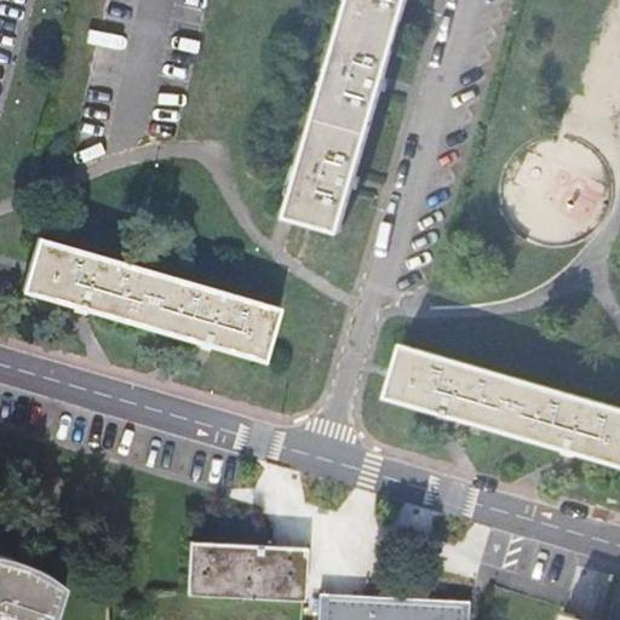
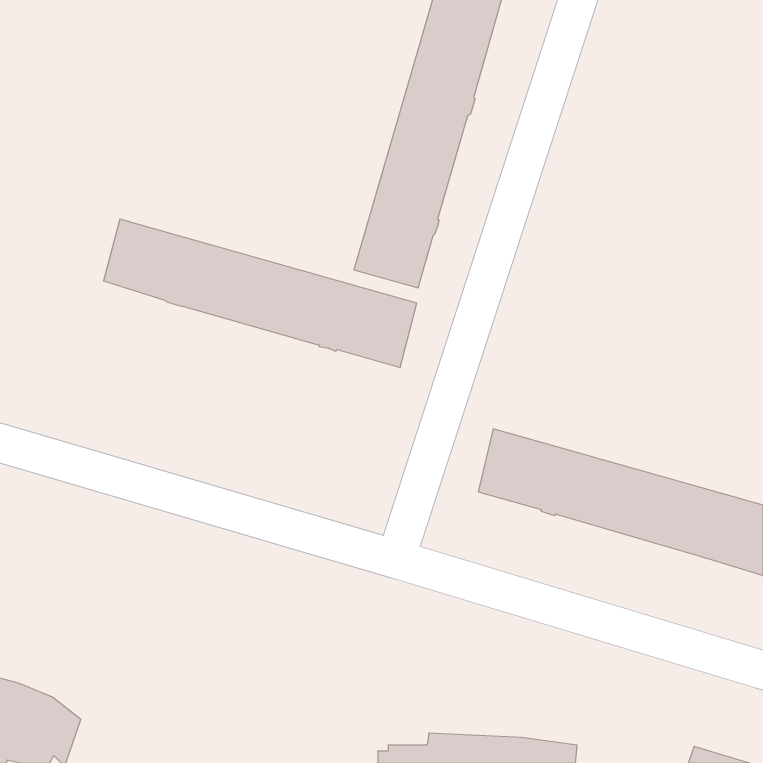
building: [22,241,275,361] -> [103,219,417,368]
building: [183,539,303,596] -> none

